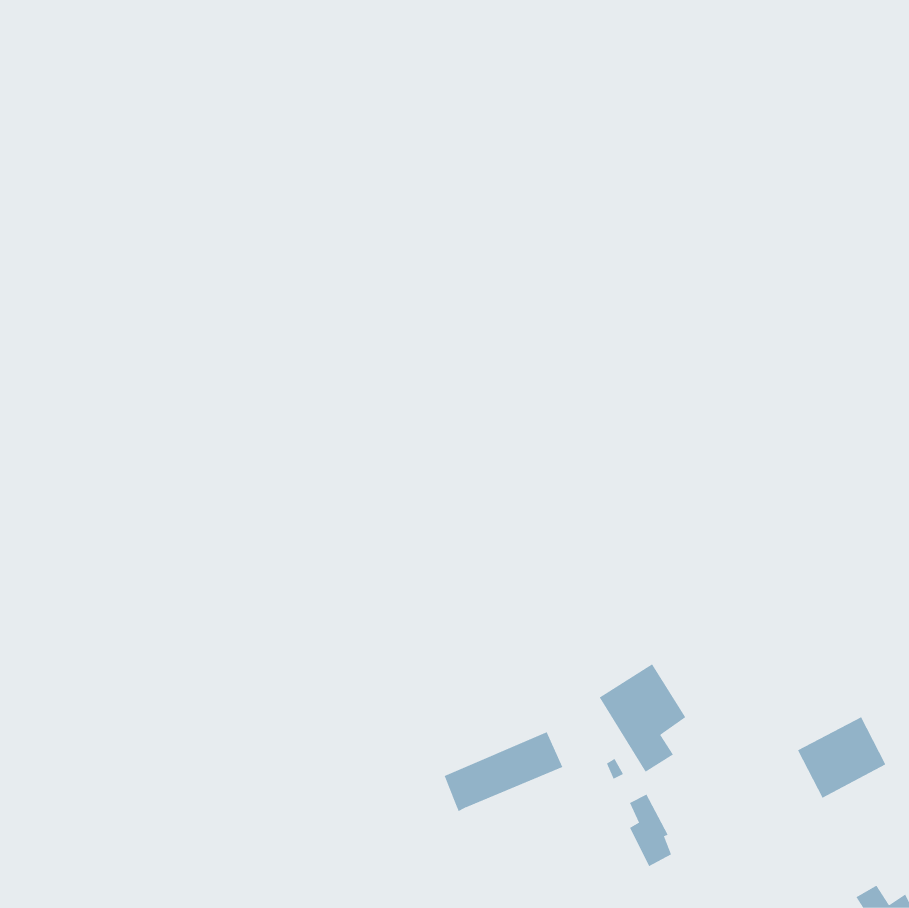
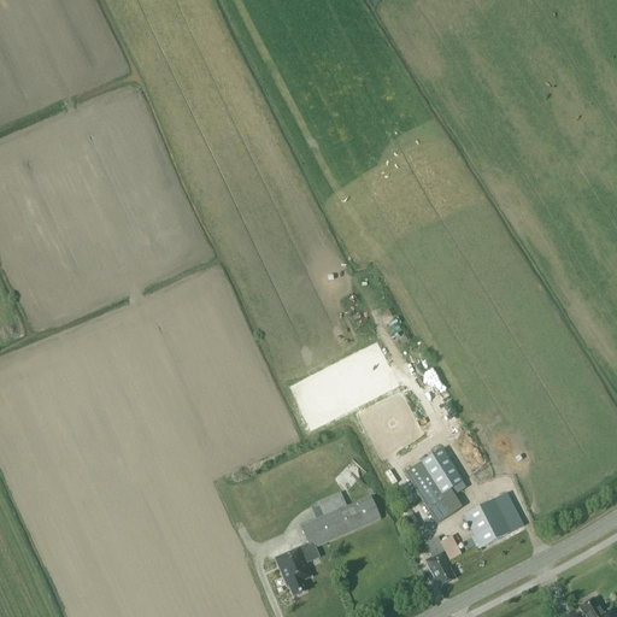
building: [797,716,886,798] -> [464,492,524,547]
building: none -> [276,542,321,595]

